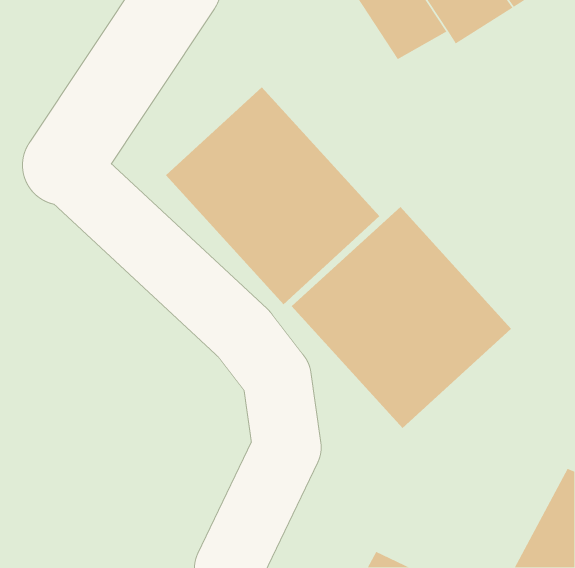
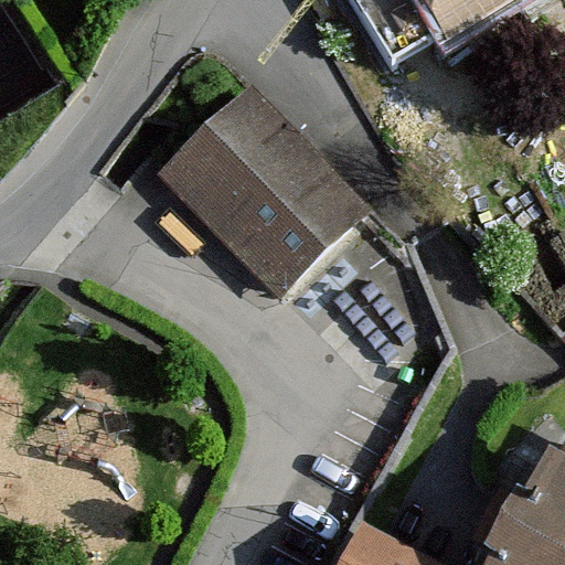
building: [291,206,512,429] -> none

